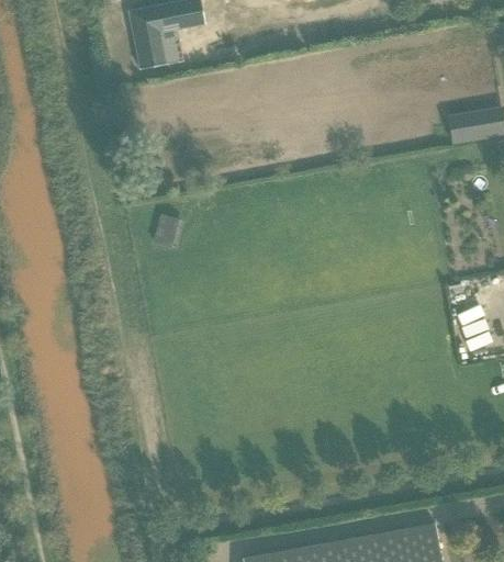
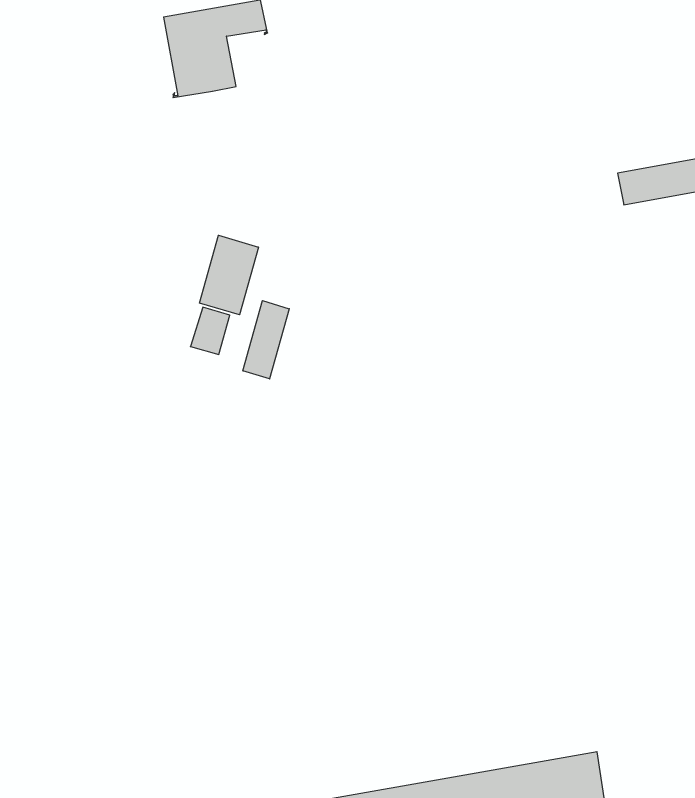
building: none -> [199,235,258,315]
building: none -> [243,301,289,379]

